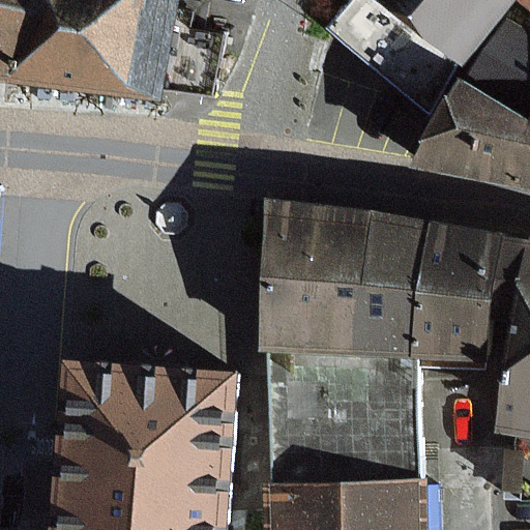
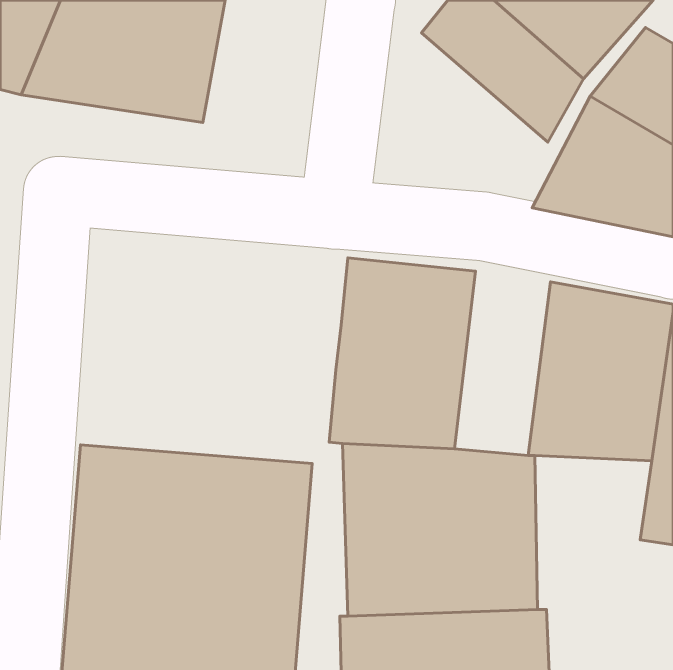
building: [357,215,433,360] -> none

